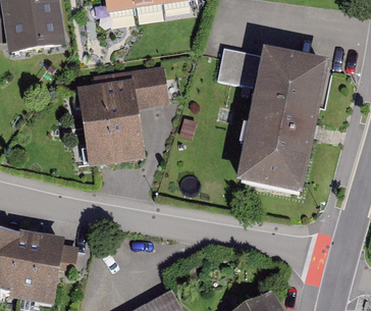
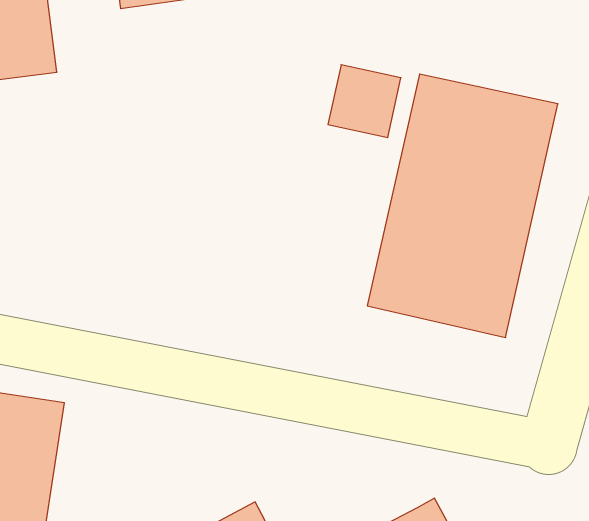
building: [77,65,169,165] -> none

